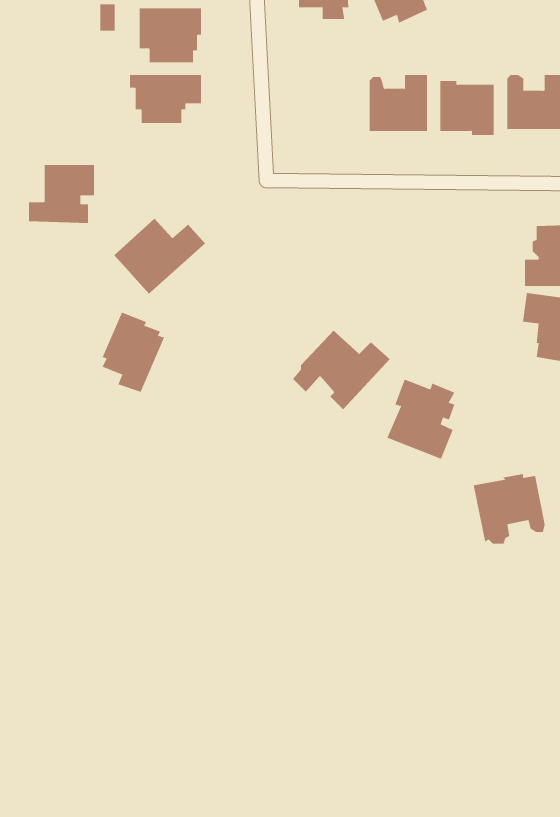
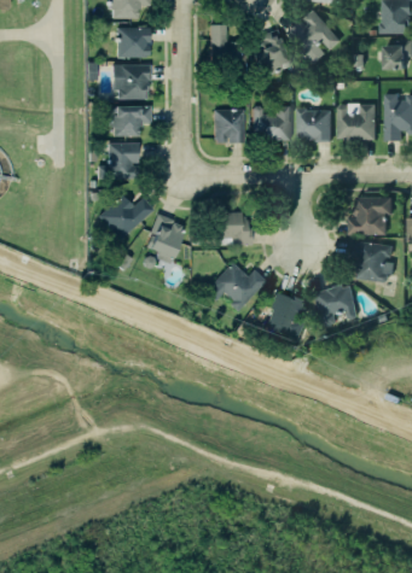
building: none -> [214,109,245,142]
building: [28,165,95,223] -> [98,142,139,179]
building: none -> [215,211,251,245]
building: [102,312,165,392] -> [146,214,185,263]
building: [473,473,546,544] -> [313,283,358,327]

